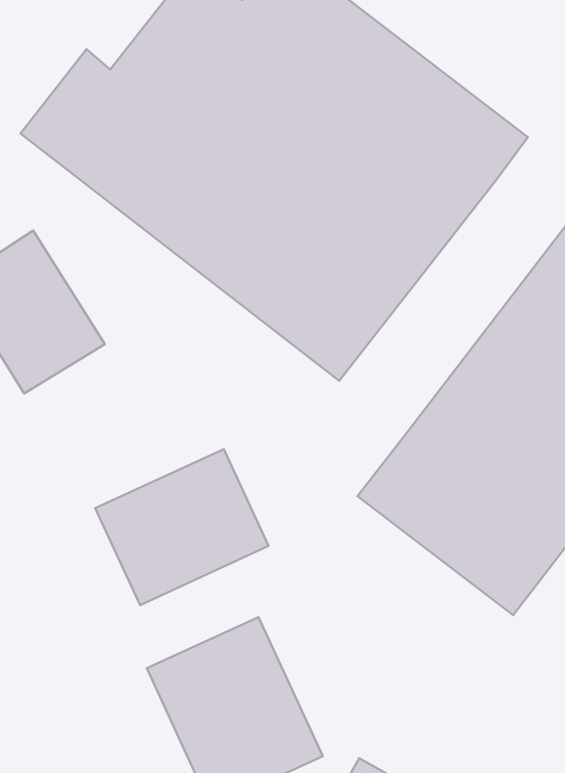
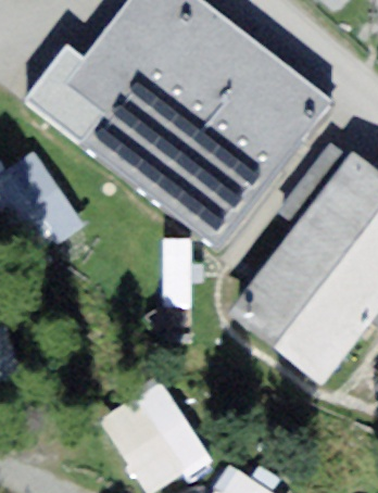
building: [95,449,268,605] -> none

